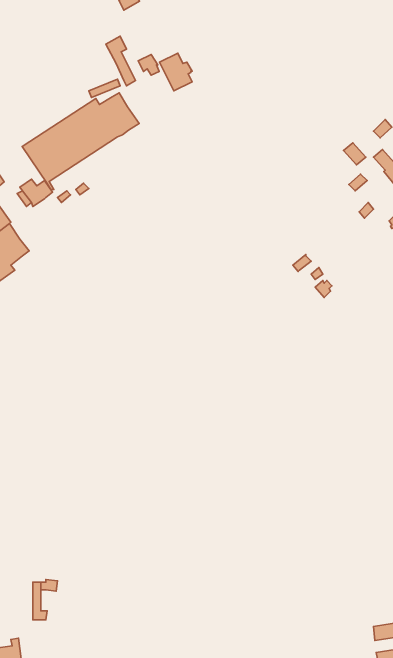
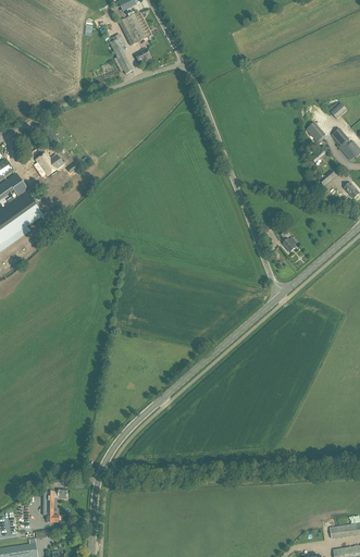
building: [160,53,192,91] -> [117,14,145,46]
building: [22,93,139,190] -> none

